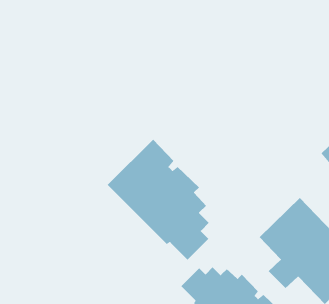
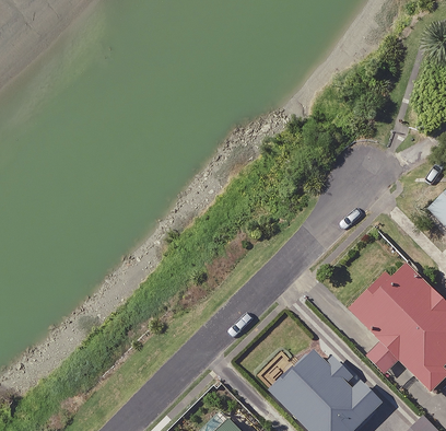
building: [107,139,210,260] -> none

